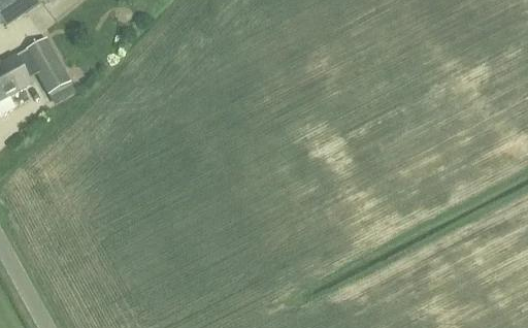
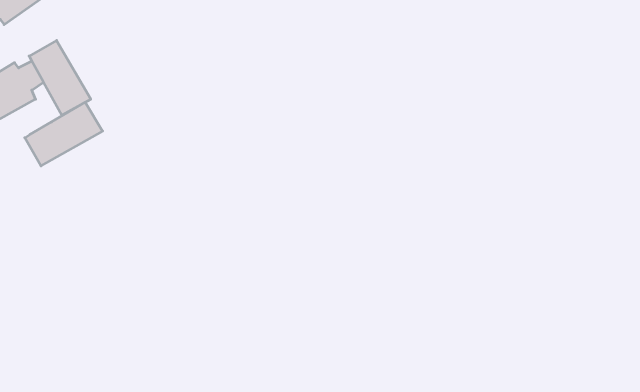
building: none -> [25,102,103,166]

